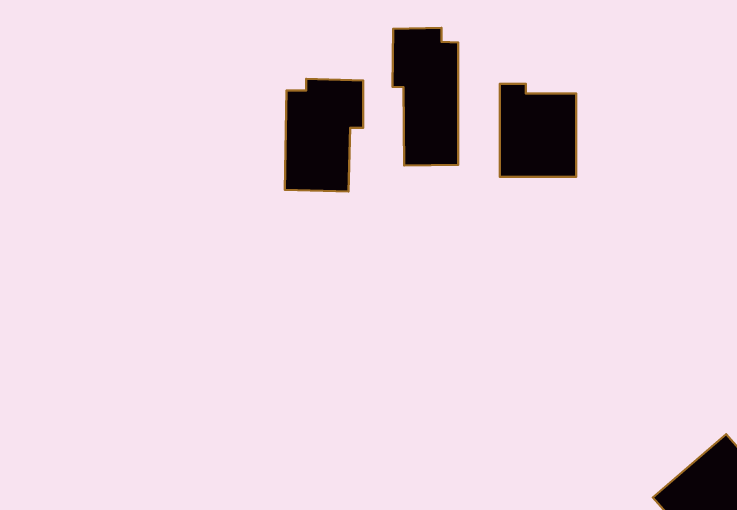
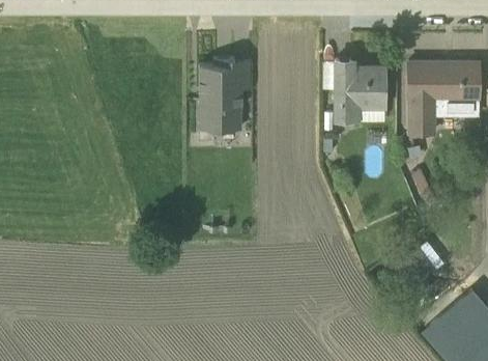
building: [392,28,458,165] -> none
building: none -> [408,61,478,136]

